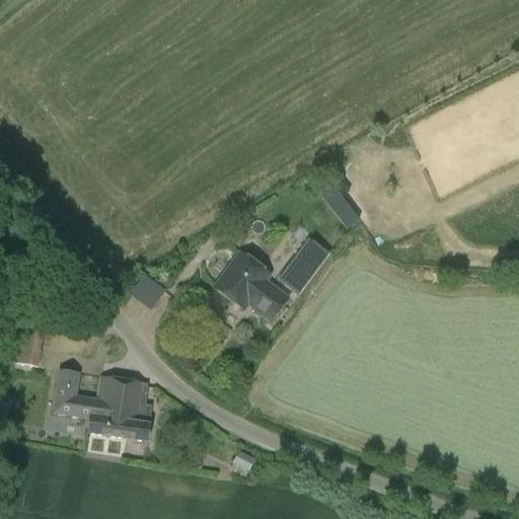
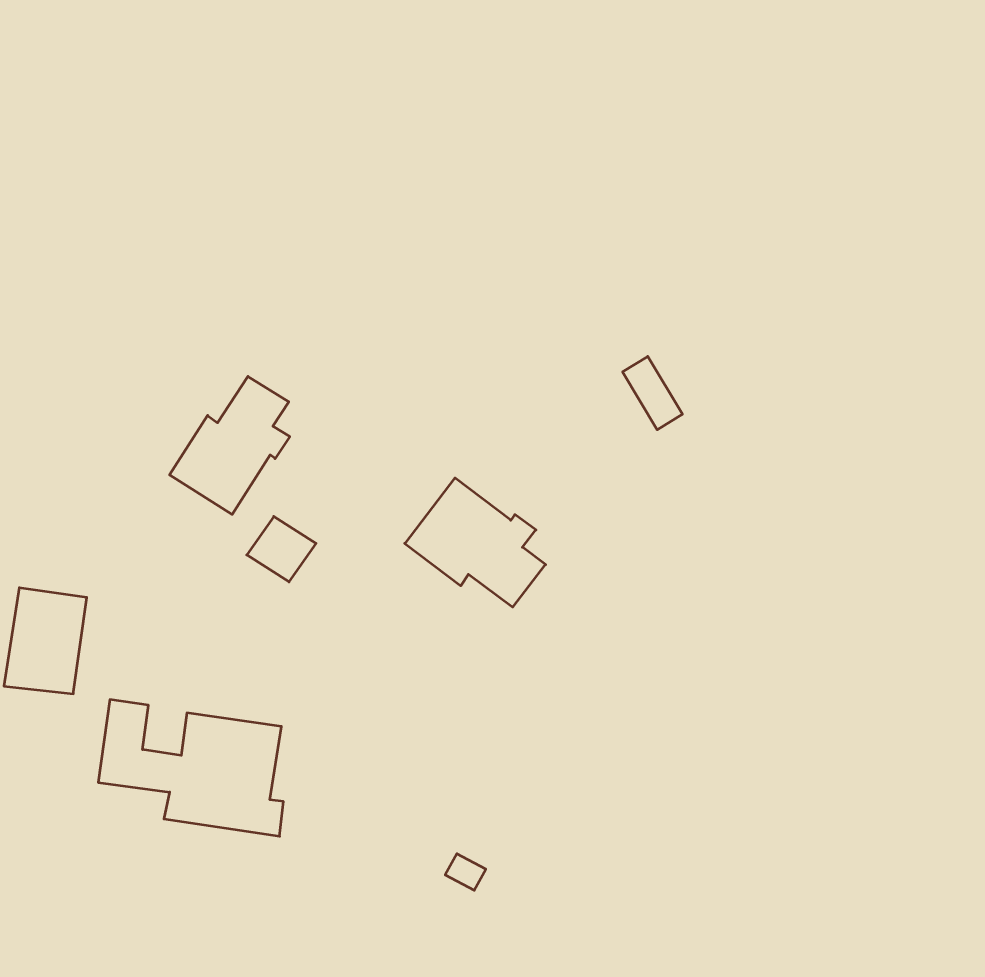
building: none -> [170,376,290,514]
building: [285,241,328,293] -> none

